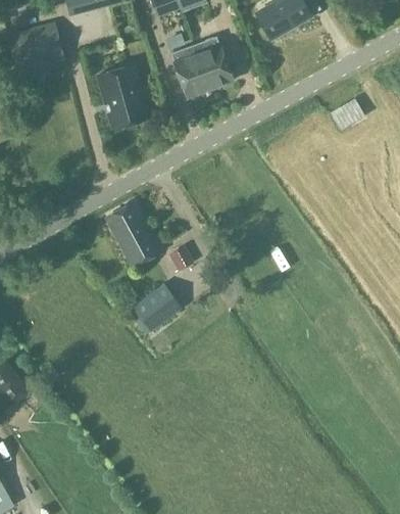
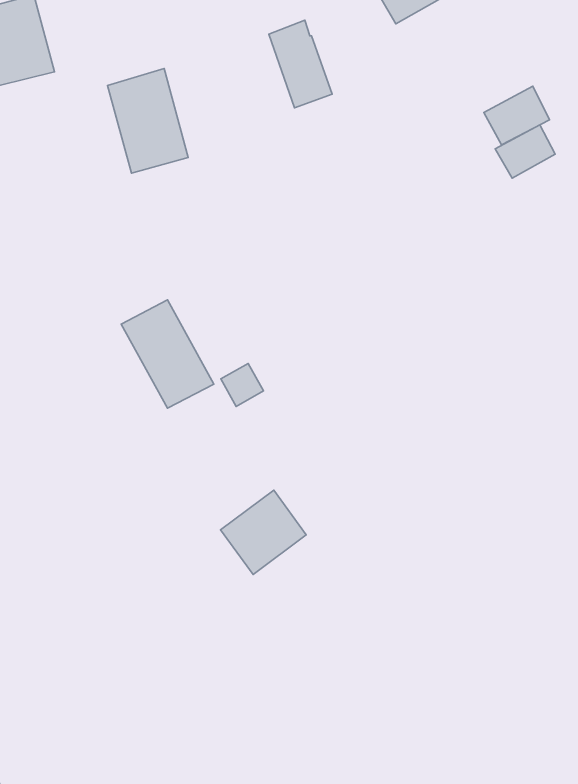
building: [171,45,210,98] -> none
building: none -> [484,86,549,145]
building: [132,283,183,333] -> [221,490,306,574]

